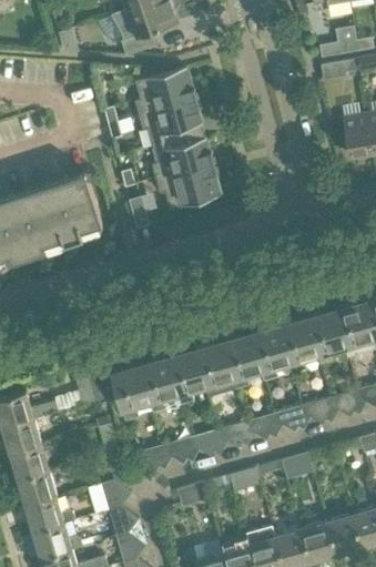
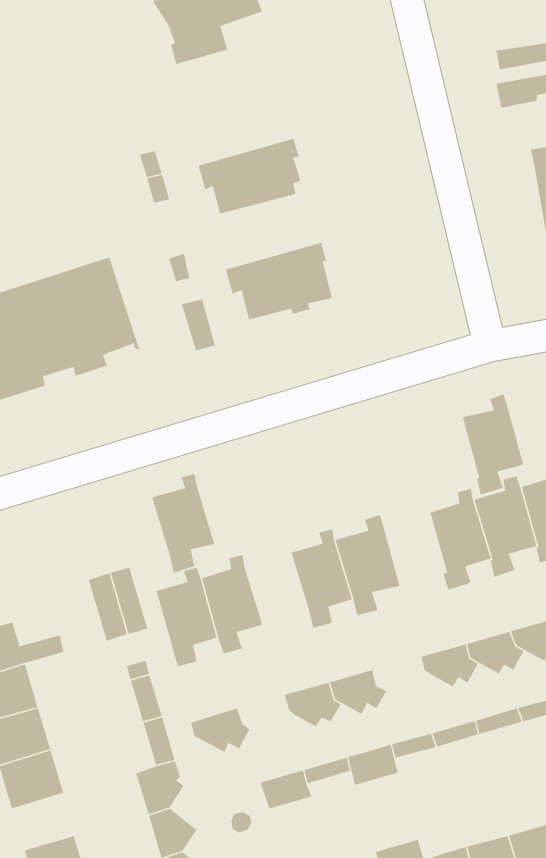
building: [134,68,197,115] -> none
building: [152,133,214,179] -> none
building: [252,320,289,382] -> [462,393,524,495]
building: [167,344,206,405] -> [151,473,215,574]
building: [245,414,282,441] -> none
building: [163,437,199,465] -> none
building: [26,497,74,531] -> none

